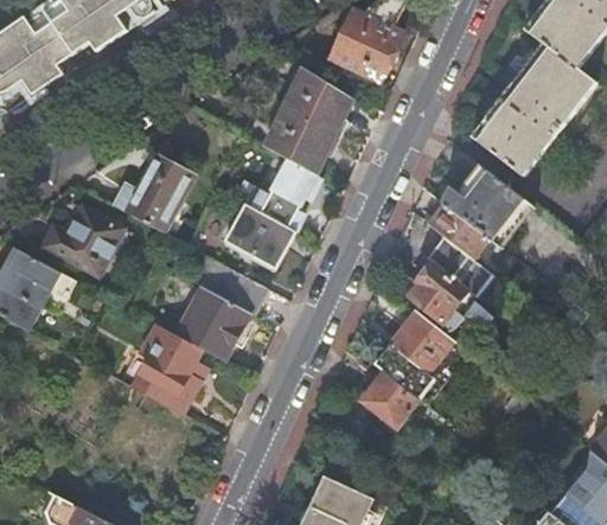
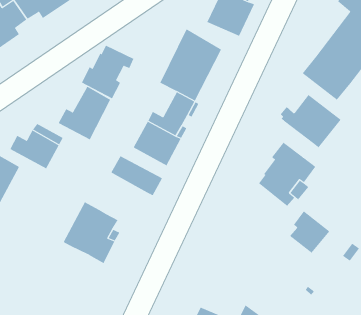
building: none -> [81,45,134,99]
building: [429,205,490,258] -> none
building: [175,287,249,361] -> none
building: [395,310,455,373] -> [289,211,330,253]
building: [360,372,420,429] -> none

